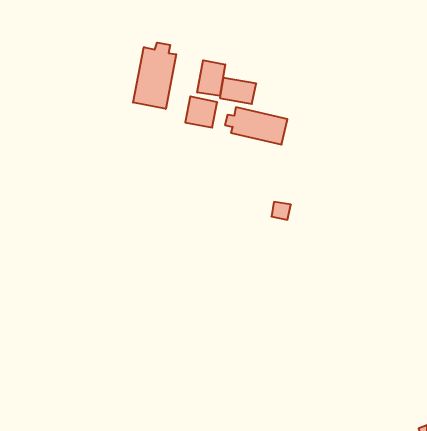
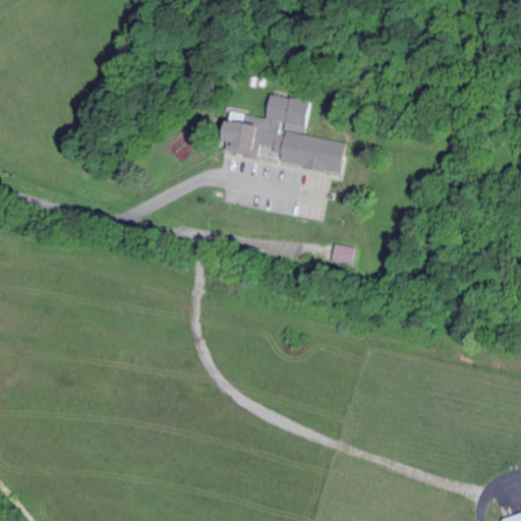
building: [133,43,176,109] -> none
building: [197,60,225,96] -> none

